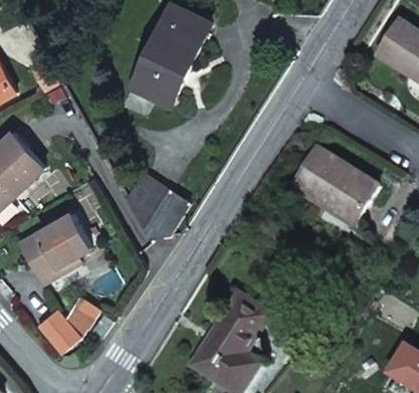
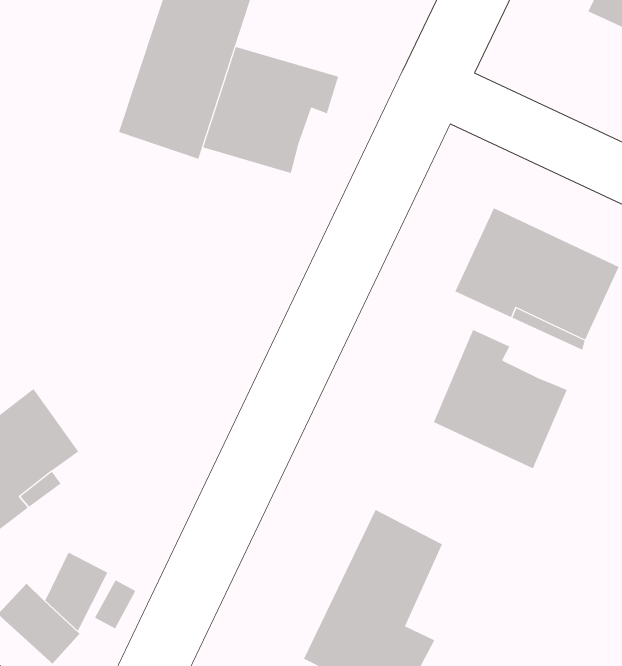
building: none -> [203,46,339,174]
building: [125,171,188,237] -> none
building: none -> [433,329,568,469]

